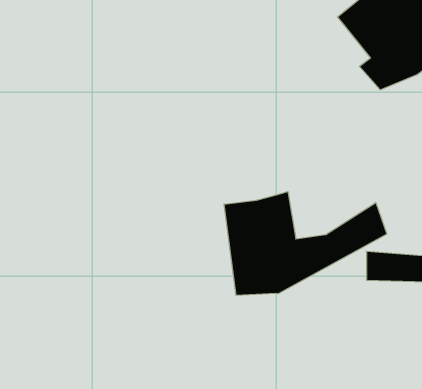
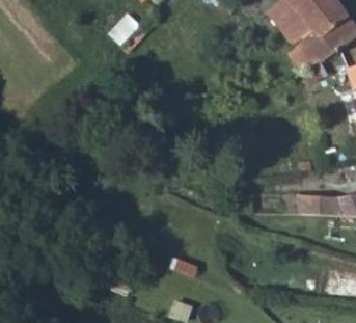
building: [224,192,387,295] -> none

